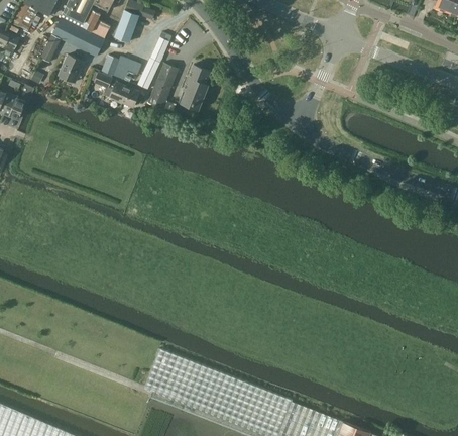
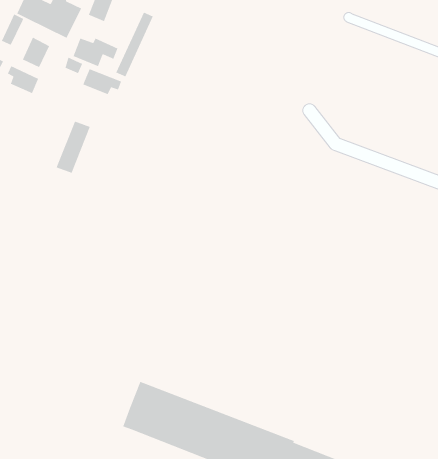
building: [147,64,178,109] -> [56,121,91,174]
building: [181,64,209,109] -> none
building: none -> [7,65,39,94]

